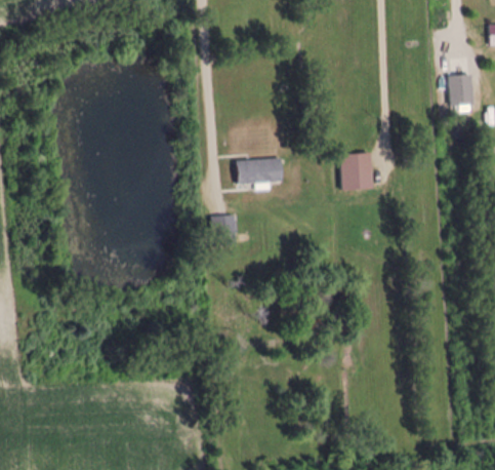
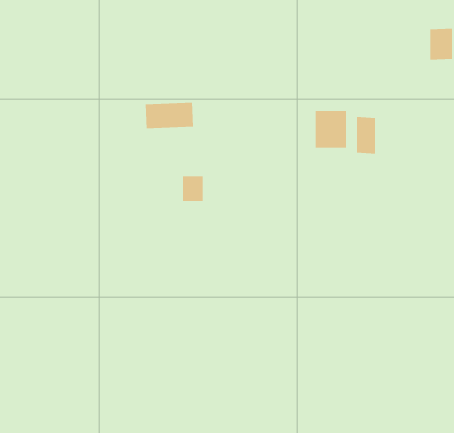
building: [237,158,284,184] -> [145,102,194,129]
building: none -> [357,116,376,155]

